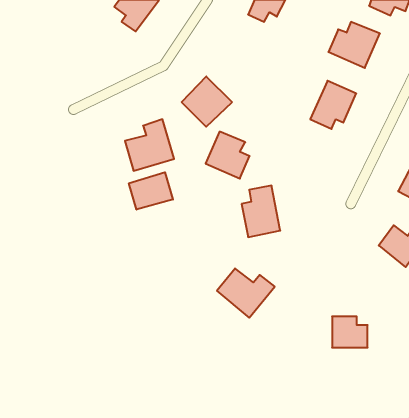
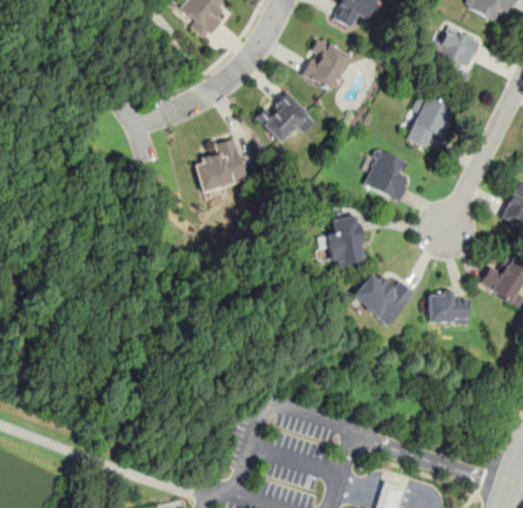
building: none -> [301,38,349,89]
building: [206,132,250,179] -> [362,147,411,200]
building: [129,172,173,210] -> none
building: [217,268,275,318] -> [351,270,416,326]
building: [332,316,368,348] -> [430,289,470,324]

